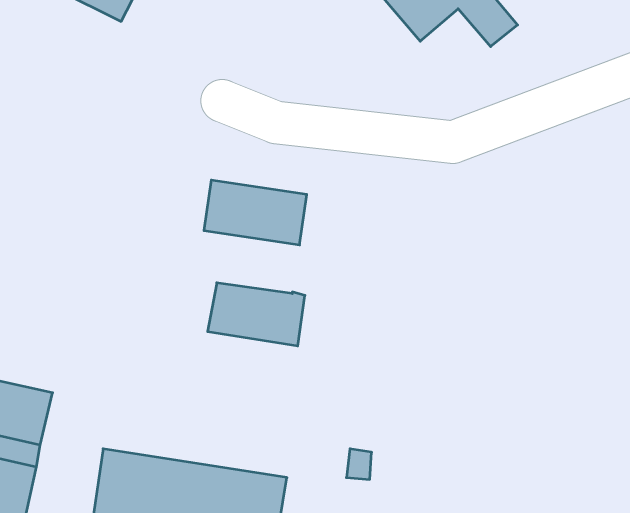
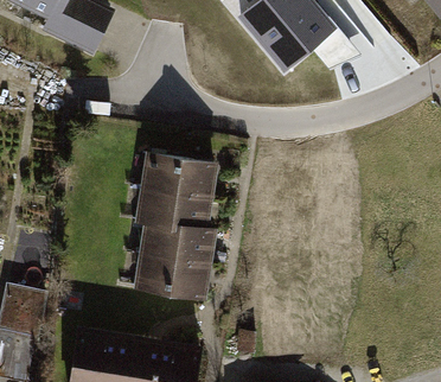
building: none -> [140,187,209,229]
building: none -> [143,254,207,295]

